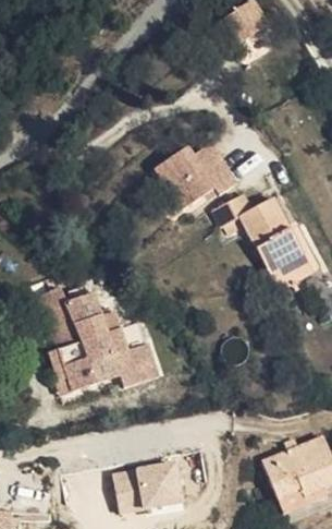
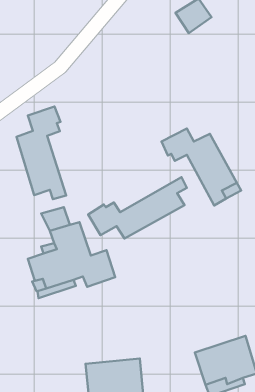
building: [155,132,237,202] -> none
building: none -> [16,107,66,199]
building: none -> [88,177,187,238]

